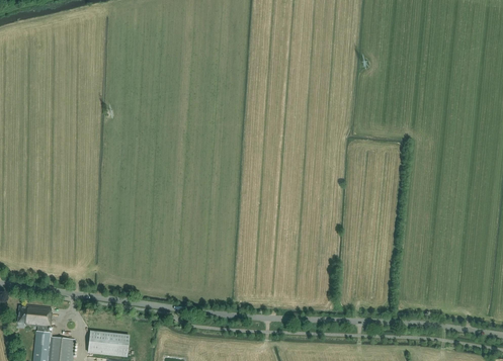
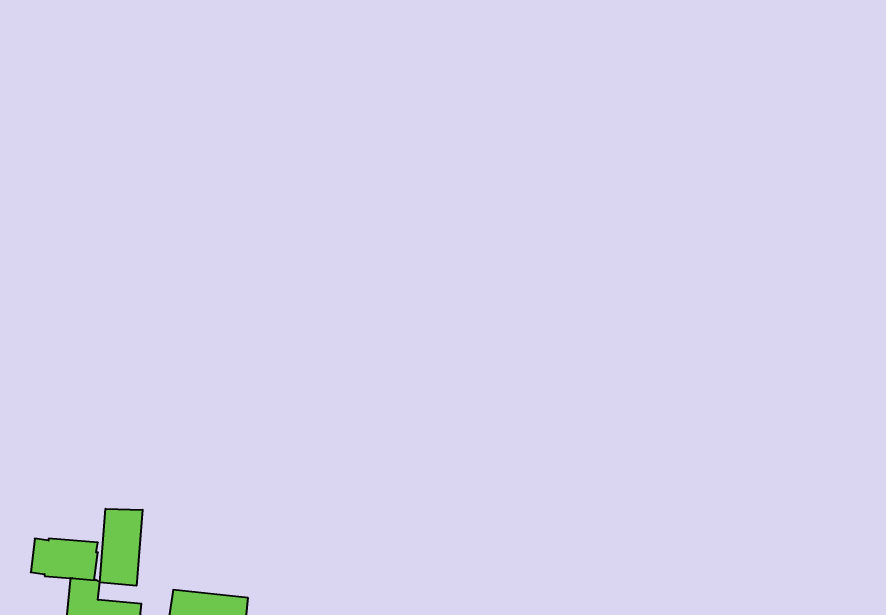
building: none -> [100,509,143,586]

